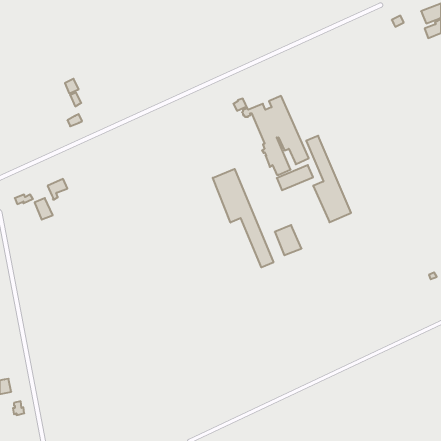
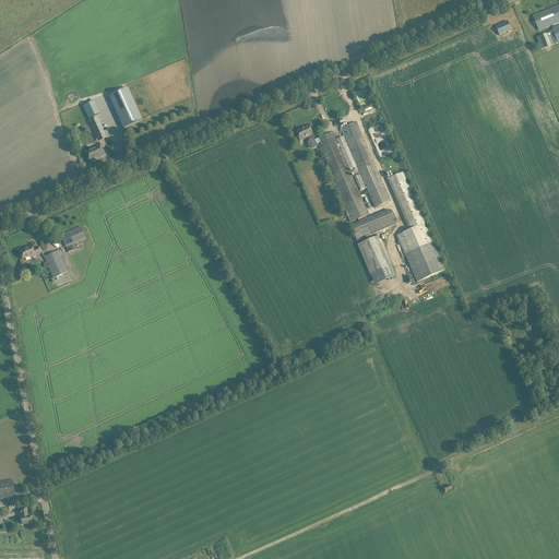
building: none -> [108,87,141,128]
building: [213,169,273,267] -> none
building: [275,225,302,255] -> [357,236,391,274]

